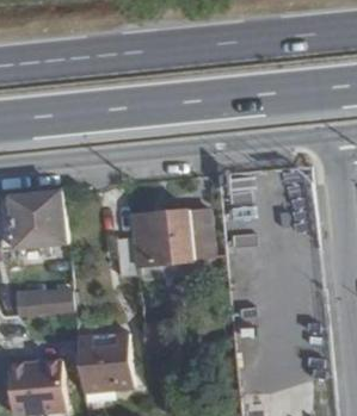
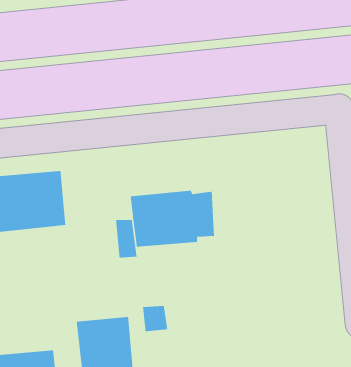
building: [10,286,67,313] -> none

